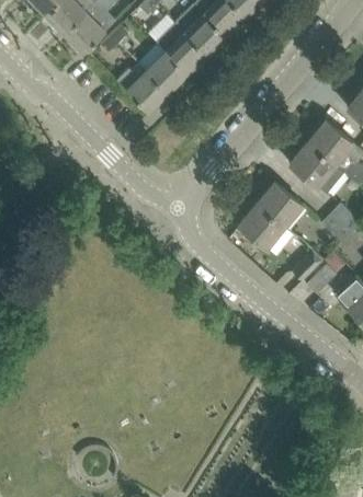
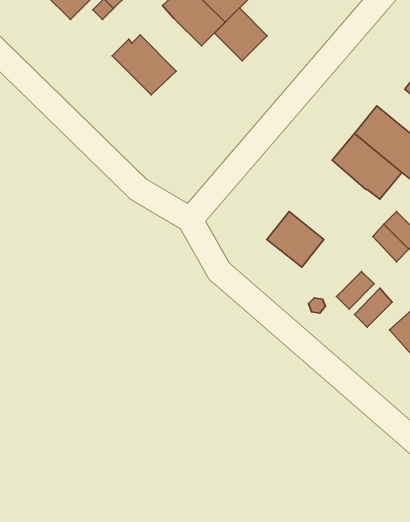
building: [144,51,185,93] -> [214,8,267,61]
building: [254,182,300,226] -> none

